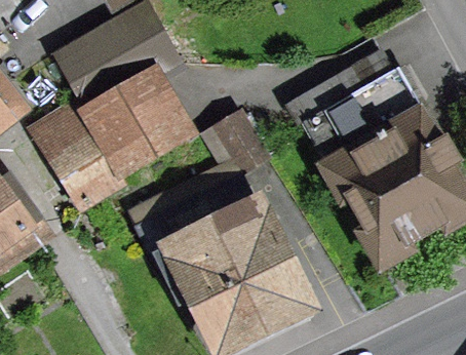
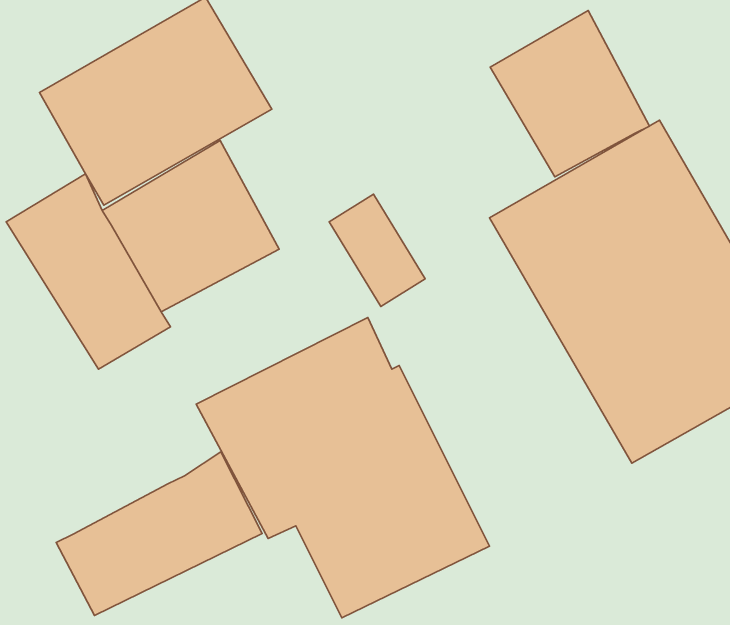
building: none -> [490,11,649,177]
building: none -> [56,452,262,615]

